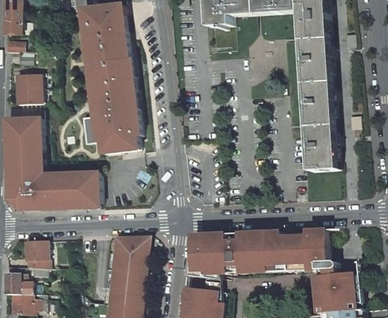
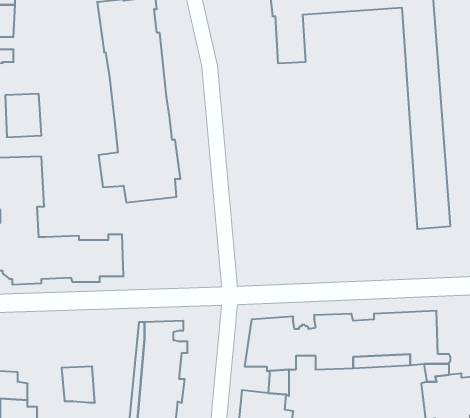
building: [22,241,46,267] -> [62,366,95,403]

